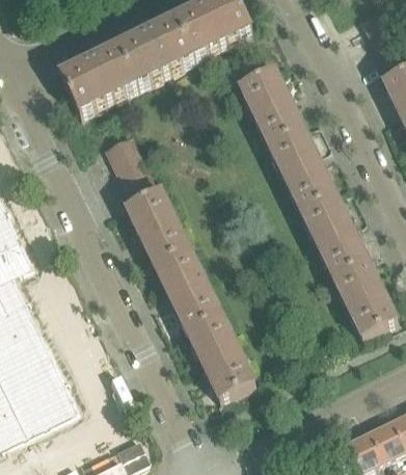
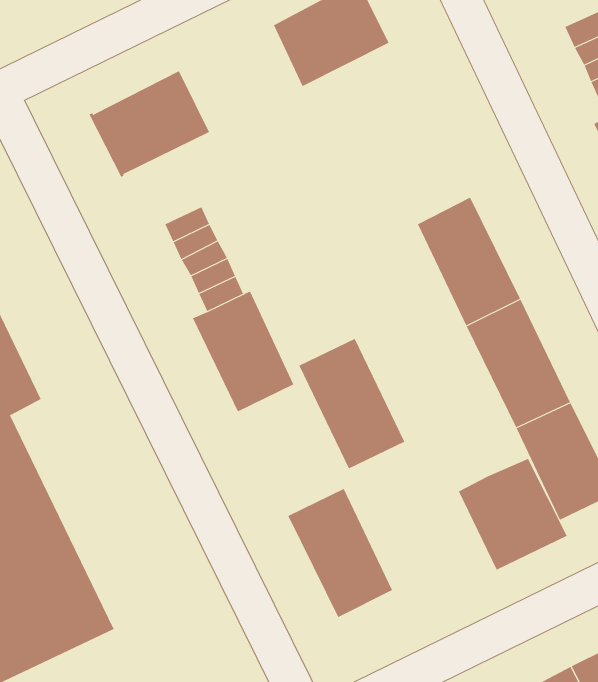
building: [117,19,196,87] -> none
building: [241,70,304,147] -> none
building: [155,249,223,334] -> [298,338,405,469]
building: none -> [458,458,567,571]

